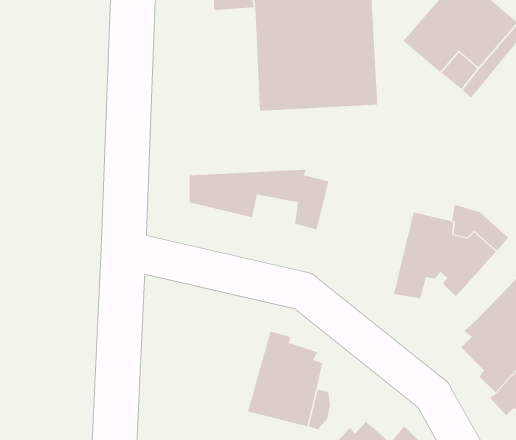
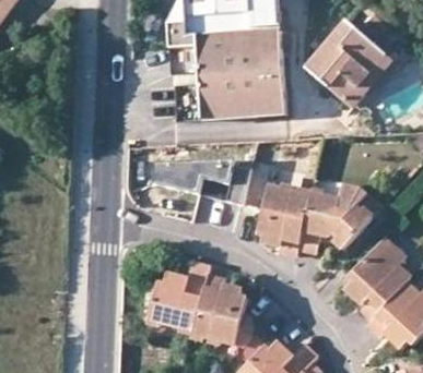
building: none -> [255,184,309,255]
building: none -> [148,262,209,329]

